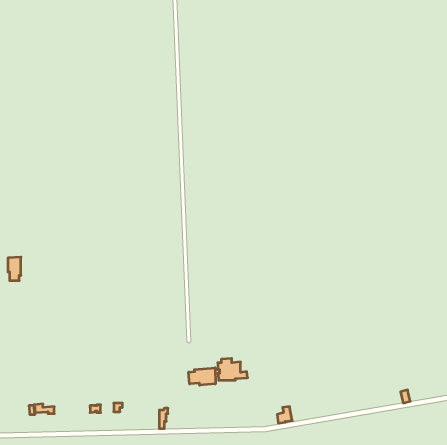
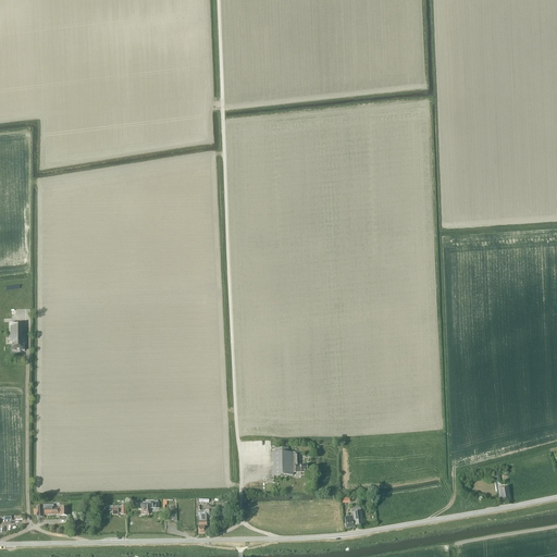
building: [189,368,215,385] -> none

